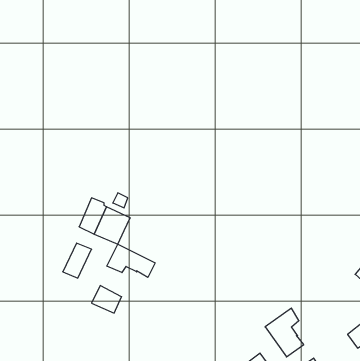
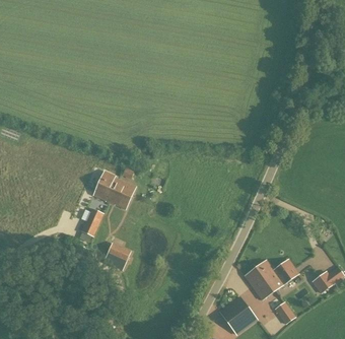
building: [107,244,155,277] -> none
building: none -> [266,260,297,290]

